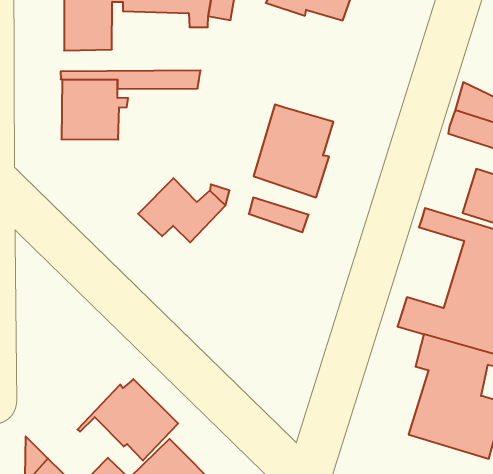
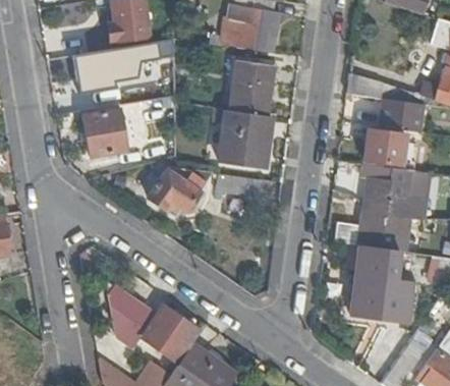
building: none -> [234,59,279,115]
building: none -> [110,283,156,346]

